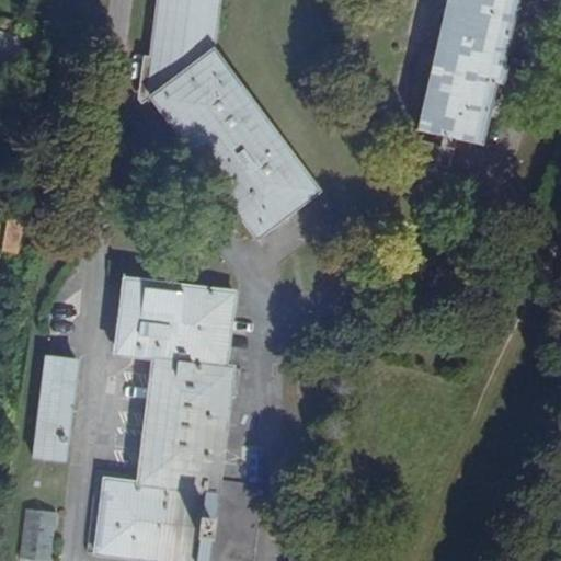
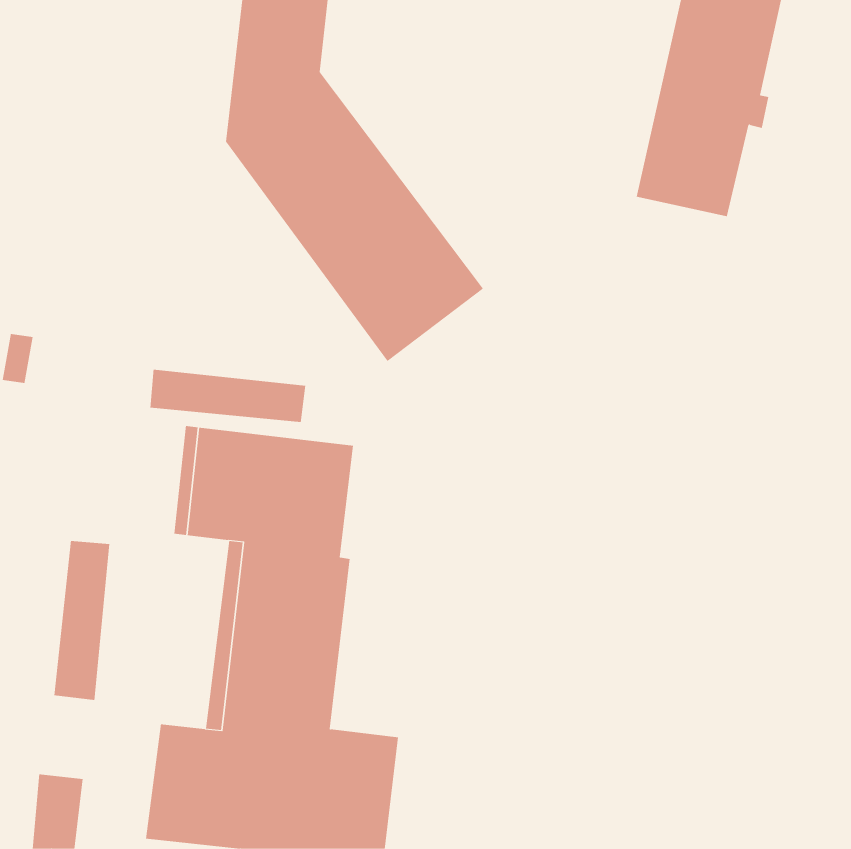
building: none -> [150,369,306,423]

